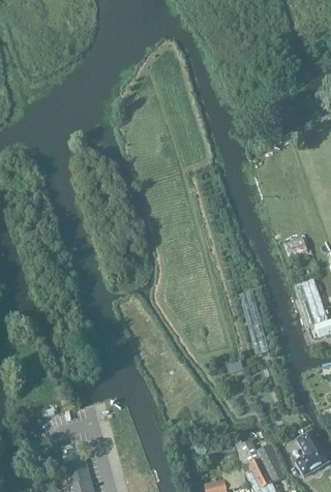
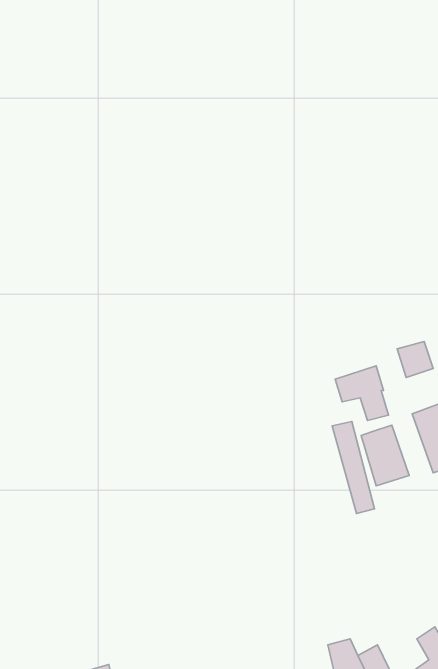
building: none -> [335,366,388,420]
building: none -> [361,425,409,486]

